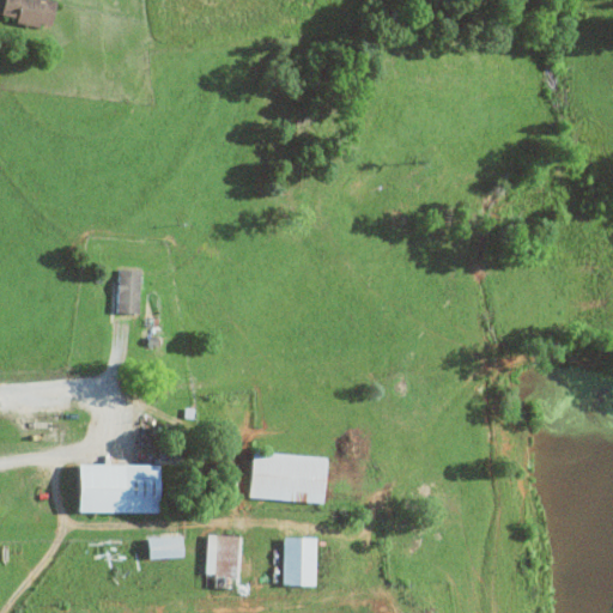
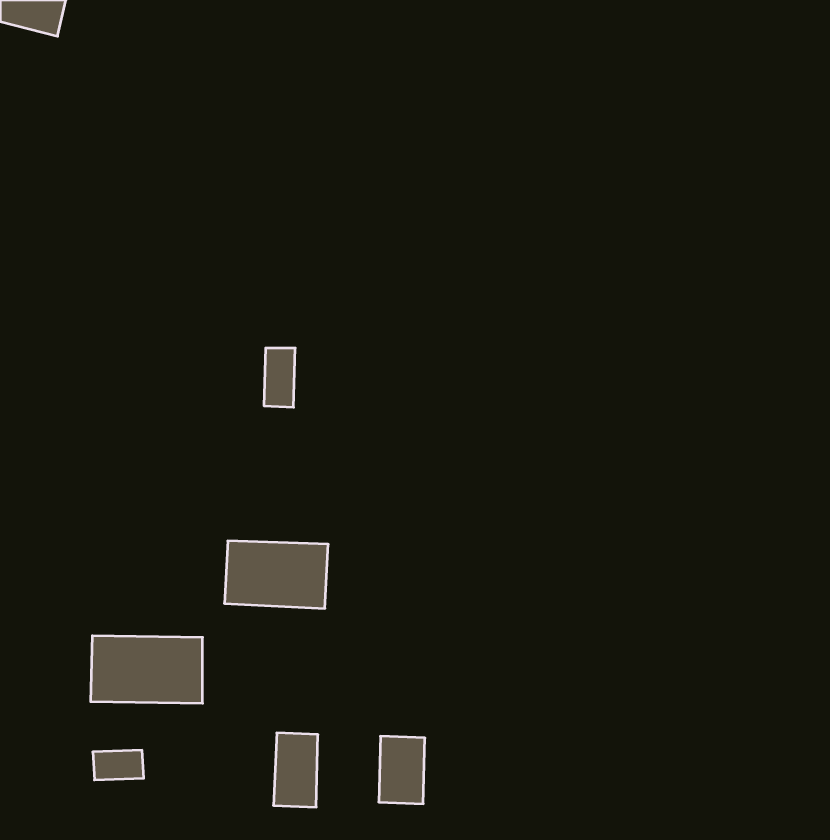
building: [119,269,141,312] -> [264,348,295,407]
building: [250,453,326,502] -> [224,541,328,608]
building: [147,536,184,558] -> [93,750,144,780]

